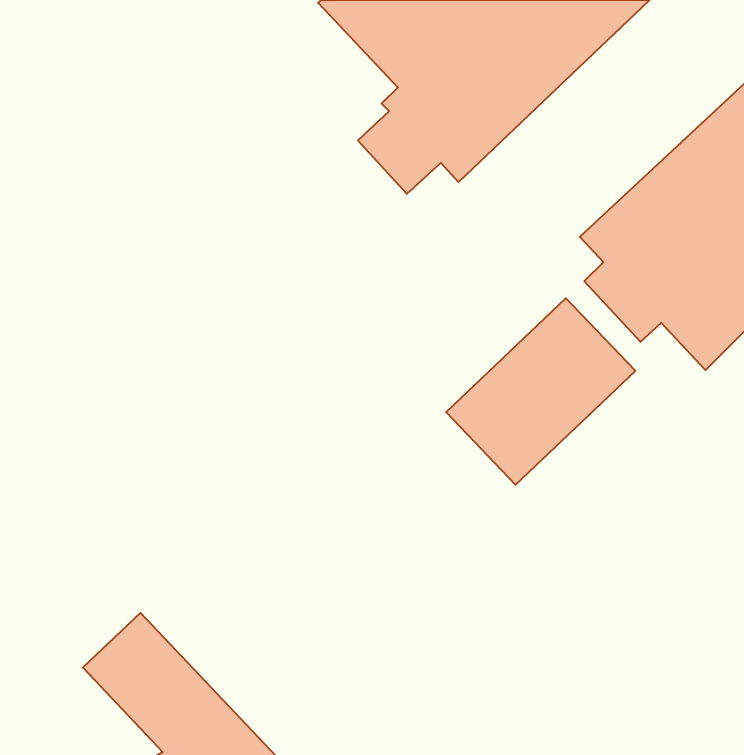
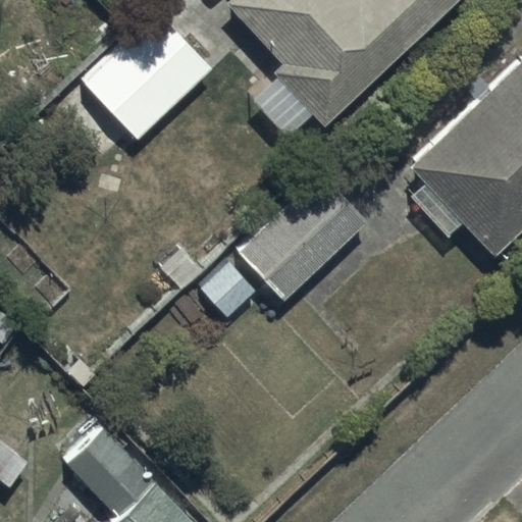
building: none -> [87,12,221,139]
building: [446,298,635,485] -> [238,173,368,302]

